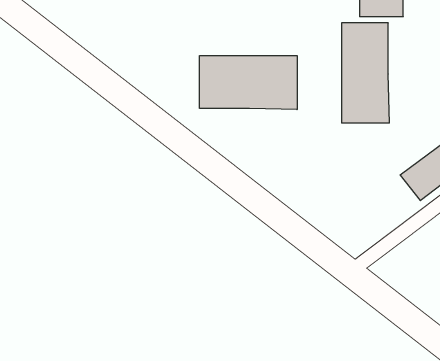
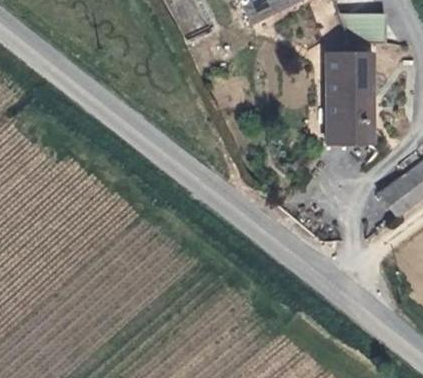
building: [200,56,297,110] -> none

